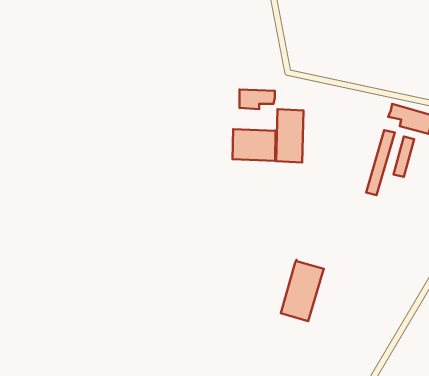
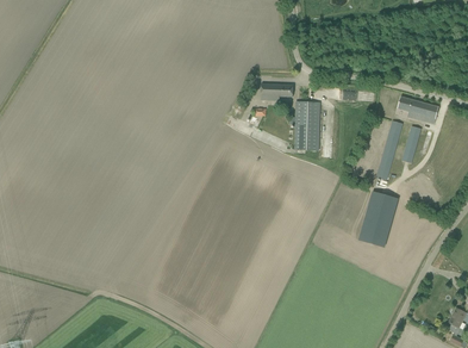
building: [233,129,276,161] -> none
building: [281,260,324,321] -> [358,191,398,247]

